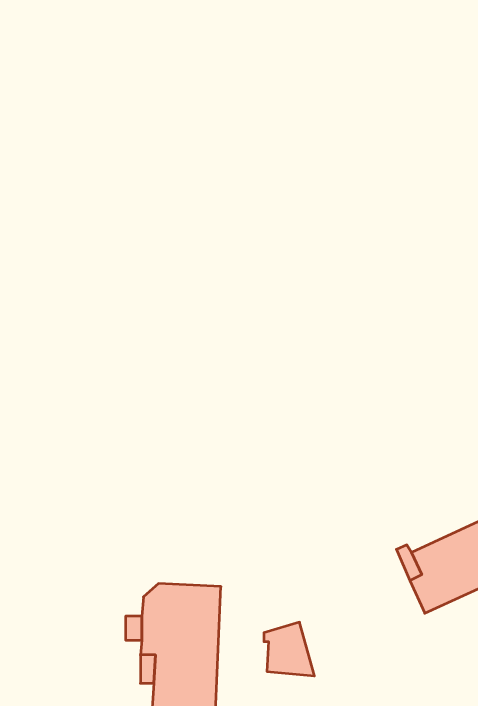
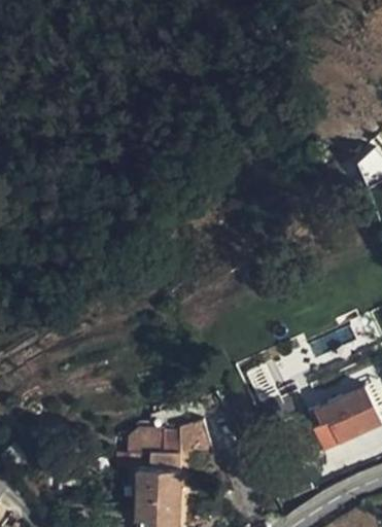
building: [264,622,314,676] -> [179,418,214,455]

